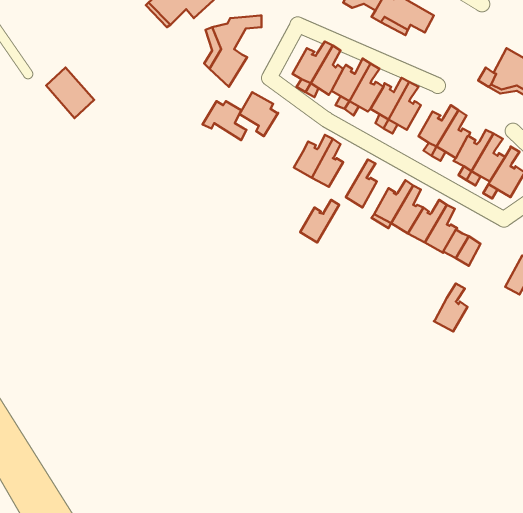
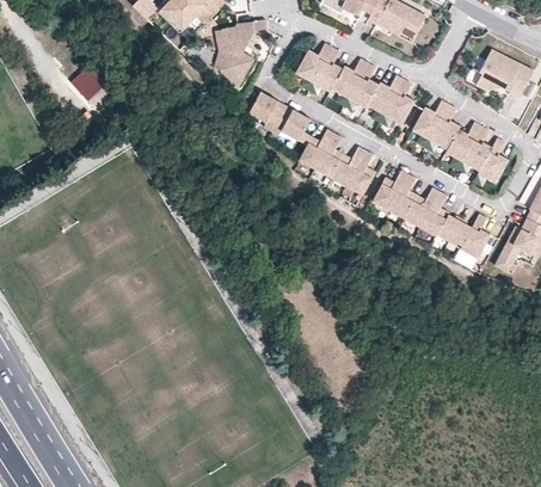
building: [202,101,246,140] -> [270,107,311,143]
building: [300,200,339,243] -> [330,146,365,185]
building: [434,283,468,331] -> [457,215,488,259]

